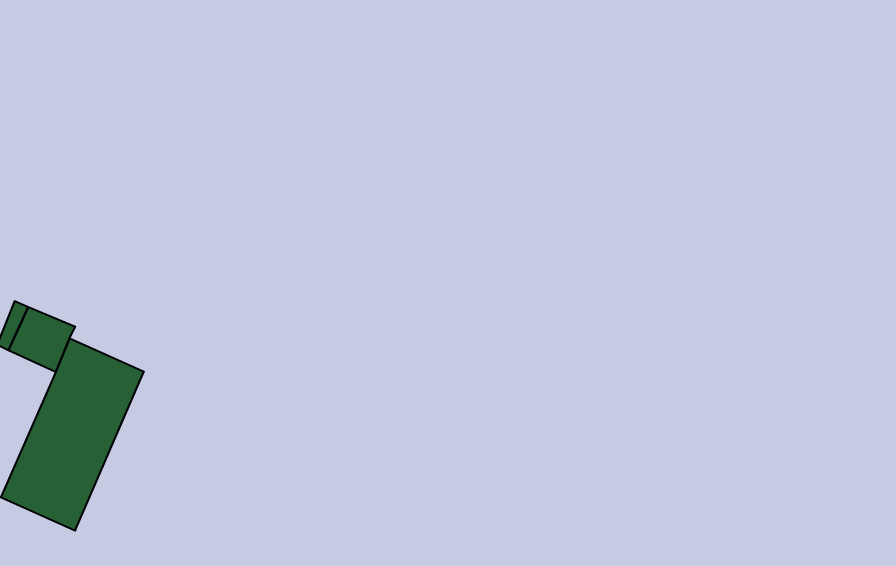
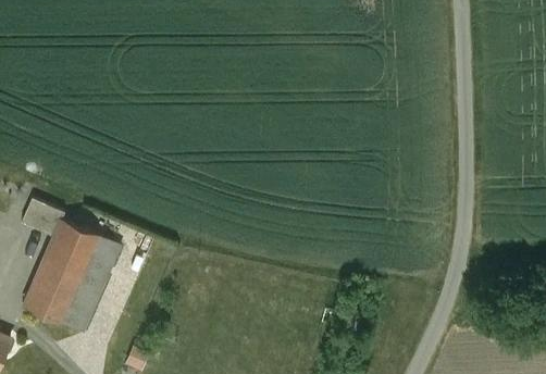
building: none -> [65,237,121,332]

